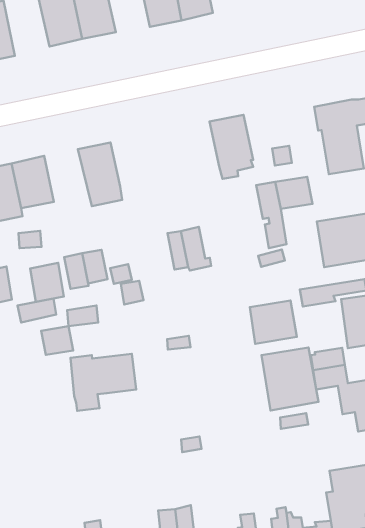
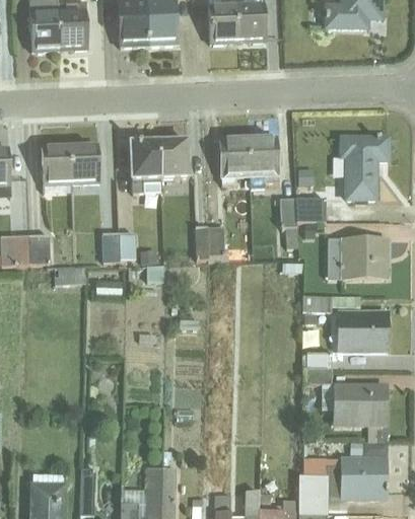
building: none -> [219,136,250,184]
building: none -> [158,138,192,179]
building: [30,263,64,302] -> none
building: [250,301,297,344] -> none
building: [41,326,73,355] -> none
building: [262,347,319,411] -> none
building: [70,354,136,411] -> none

